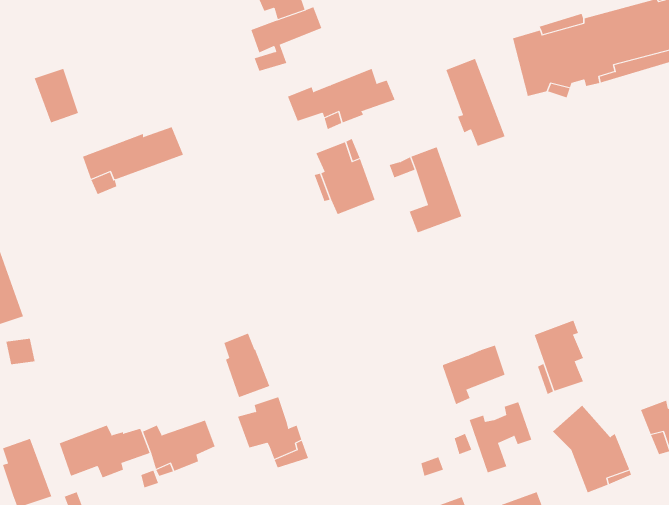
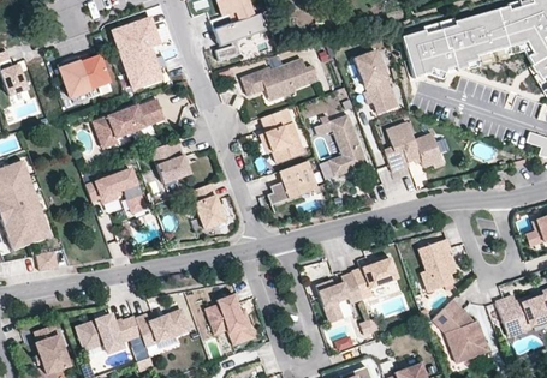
building: none -> [113,18,162,90]
building: none -> [79,54,111,90]
building: none -> [384,122,442,173]
building: none -> [151,140,190,184]
building: none -> [268,161,317,205]
building: none -> [87,168,145,214]
building: [224,333,270,398] -> [192,184,226,230]
building: [469,401,532,473] -> [316,272,362,324]

